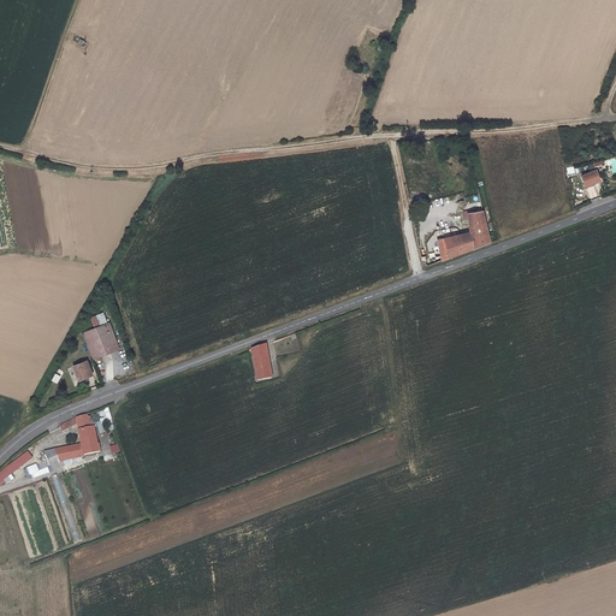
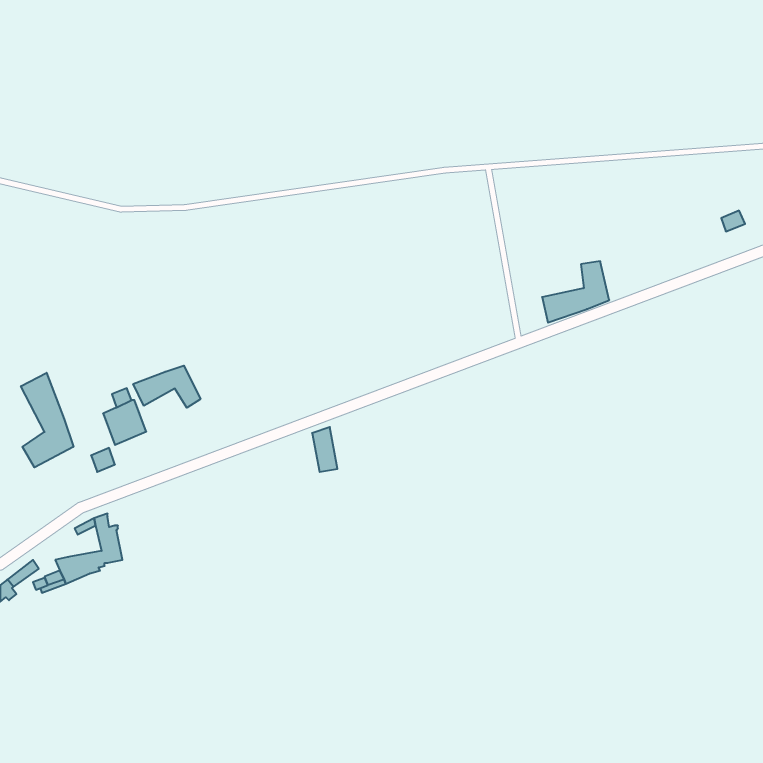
building: none -> [133,366,200,408]
building: none -> [21,373,73,467]

